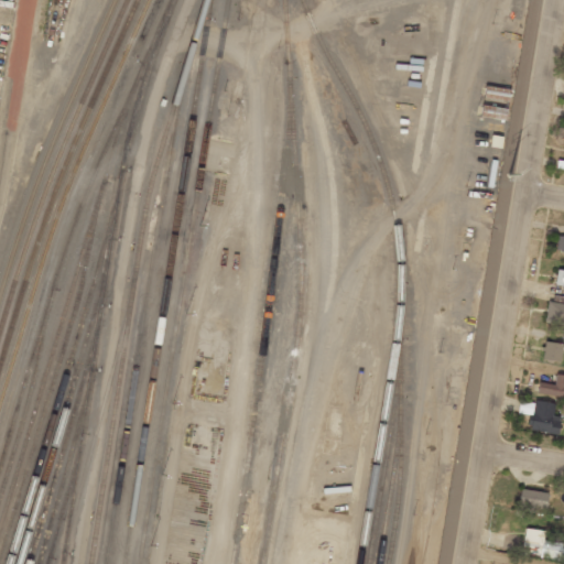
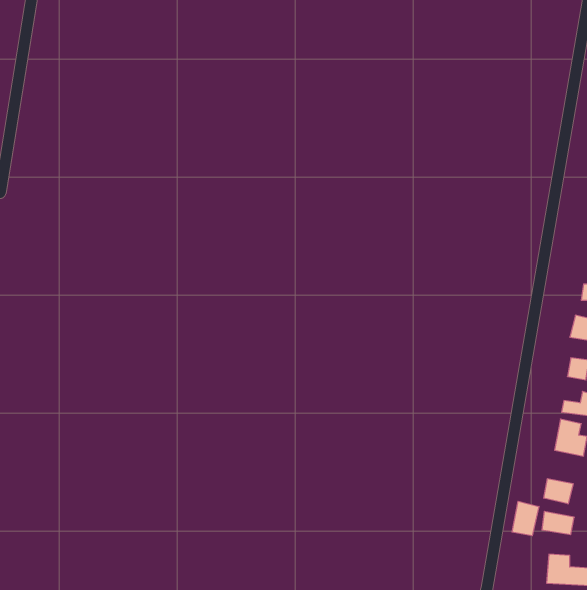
building: none -> [544,479,573,504]
building: none -> [512,501,539,536]

